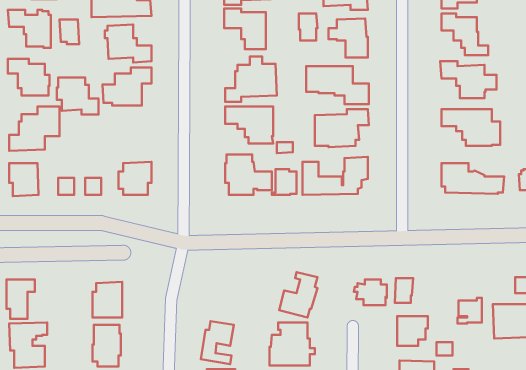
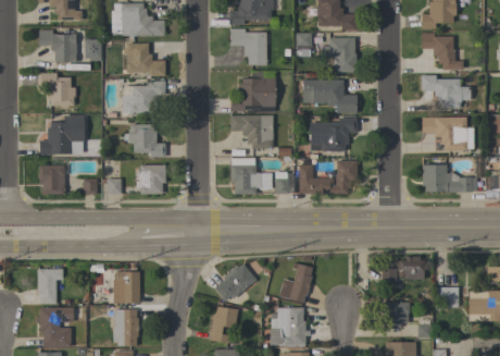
building: [57,78,99,114] -> [128,124,165,157]
building: none -> [214,263,255,300]
building: [354,280,387,305] -> [396,256,425,279]

